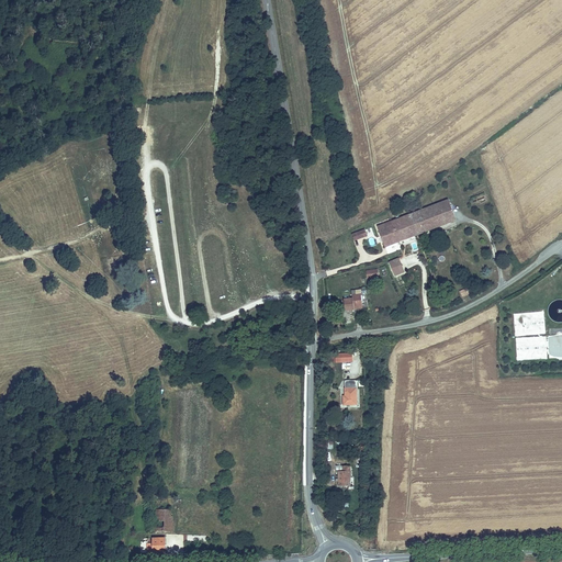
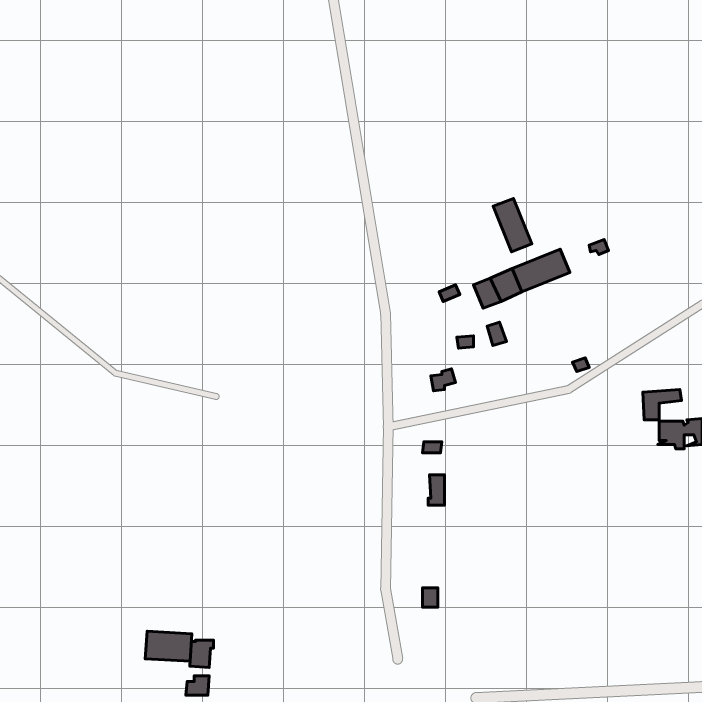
building: none -> [493,198,532,252]
building: none -> [145,631,192,661]

